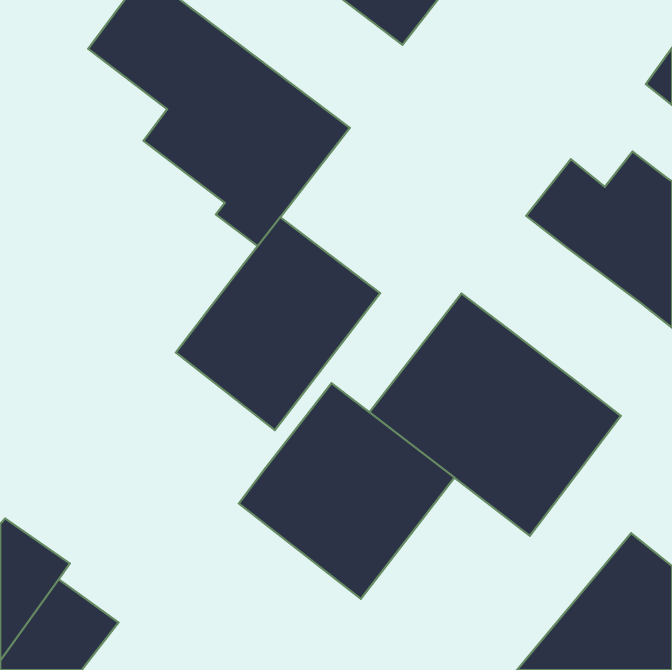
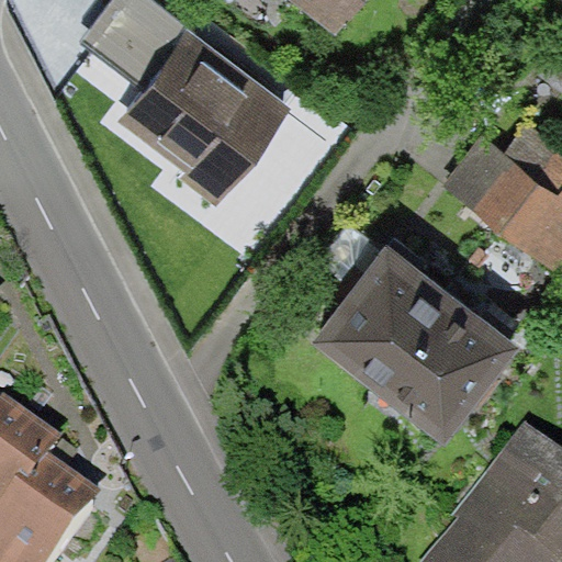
building: [176,217,380,430] -> none
building: [239,383,454,599] -> none

